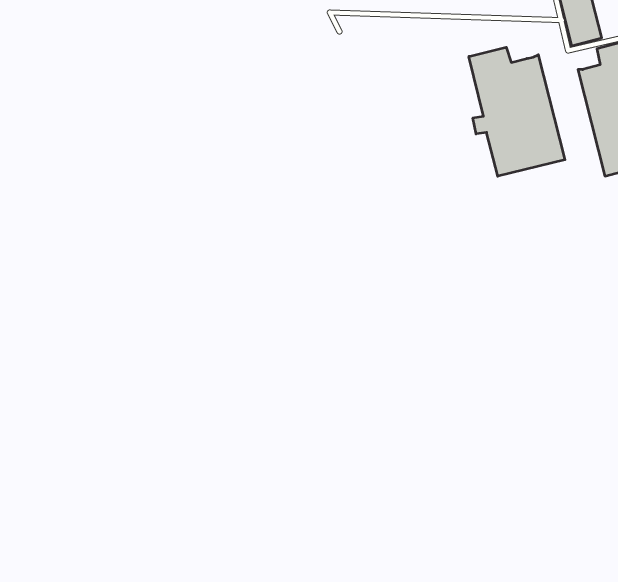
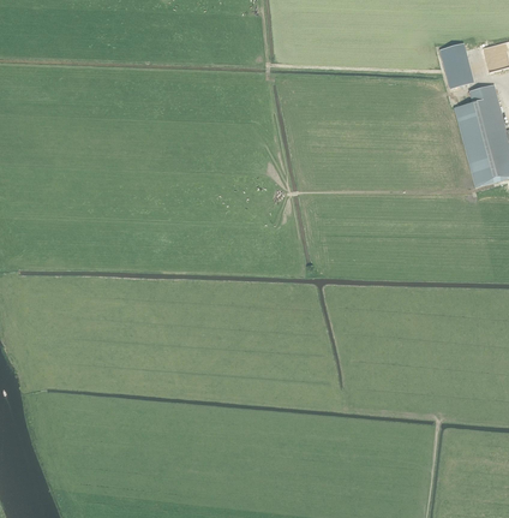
building: [469,47,565,176] -> none

